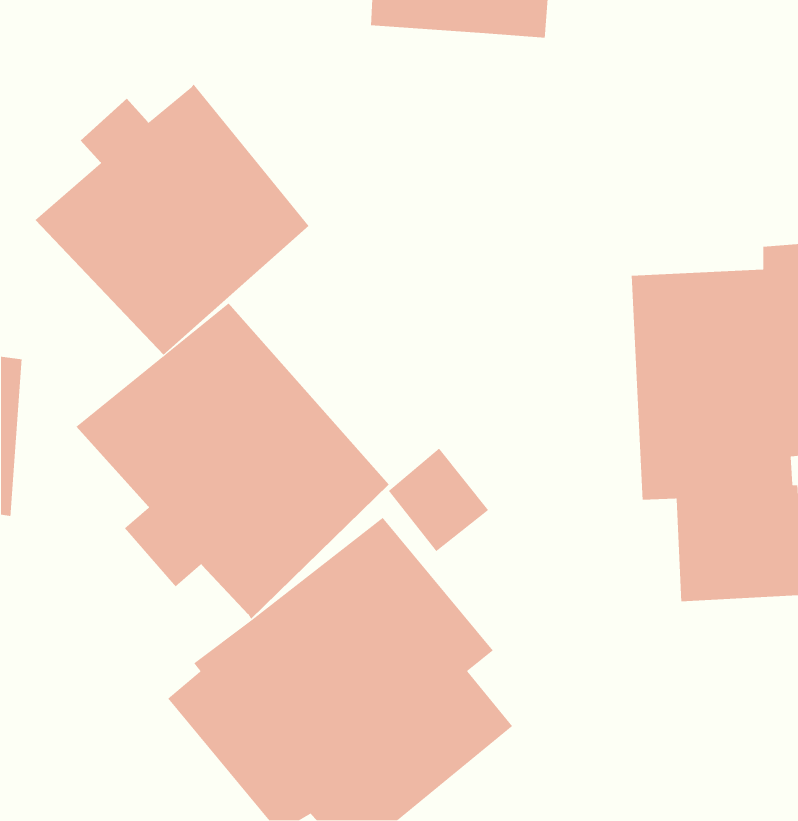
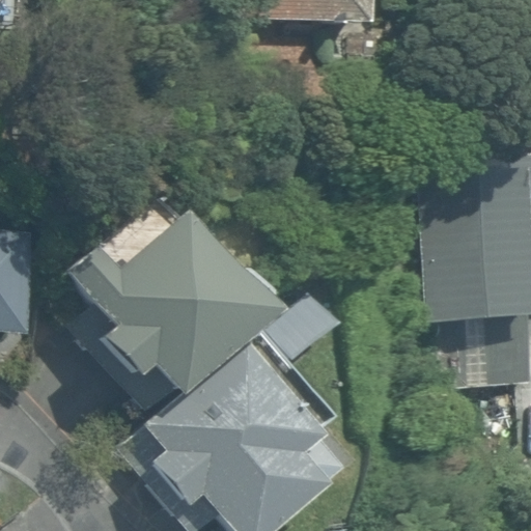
building: [34,83,310,355] -> none

